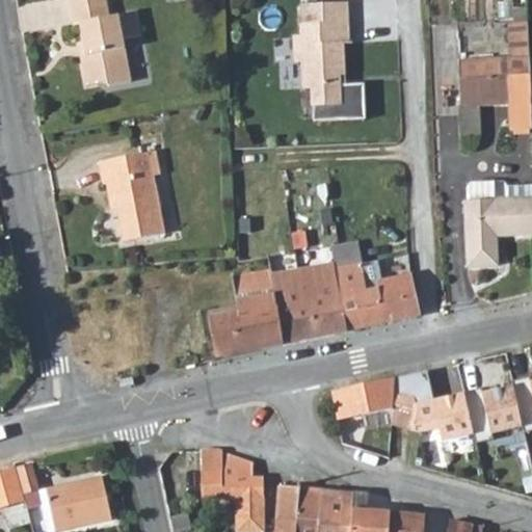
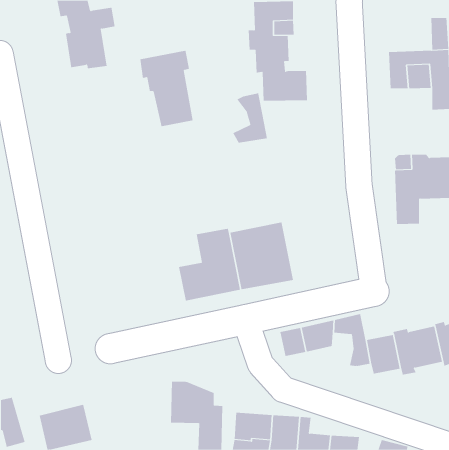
building: none -> [233,93,268,144]
building: [99,149,162,239] -> [140,50,193,127]
building: [331,242,420,330] -> none

